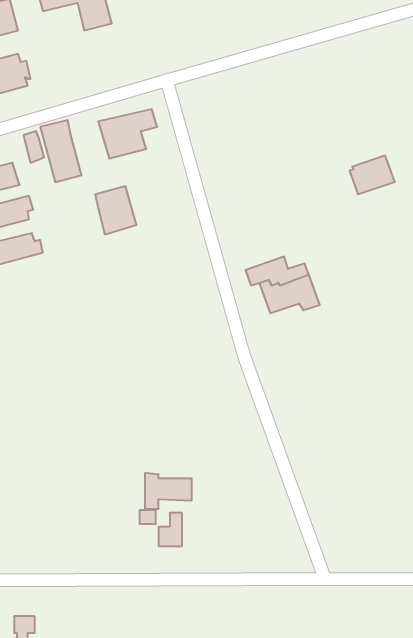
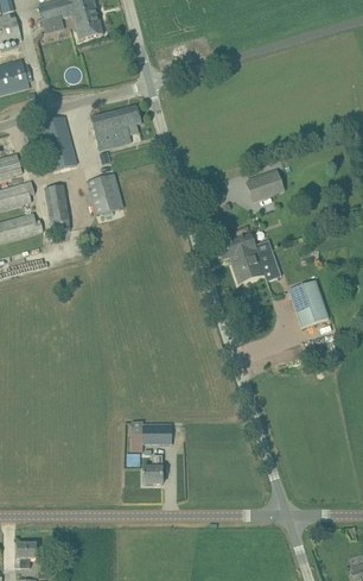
building: [349,156,395,194] -> [246,169,285,202]
building: none -> [45,185,68,229]
building: none -> [288,282,329,328]

